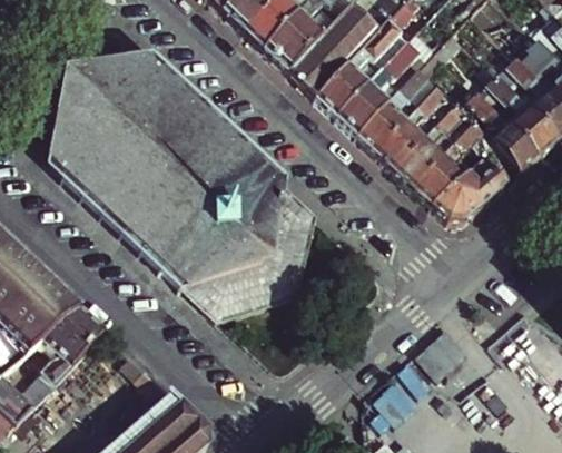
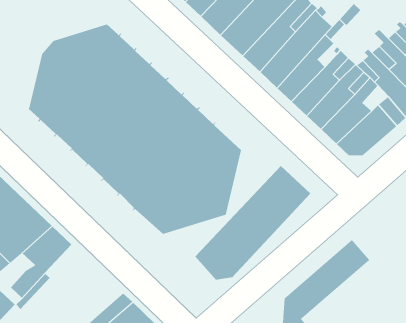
building: [45,48,149,163] -> none
building: none -> [194,165,311,281]

